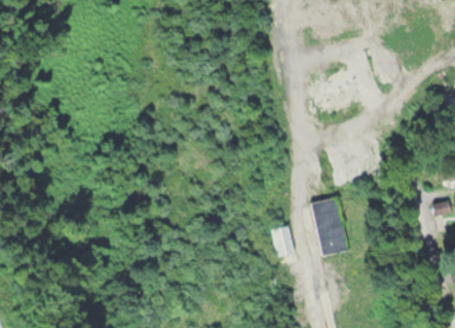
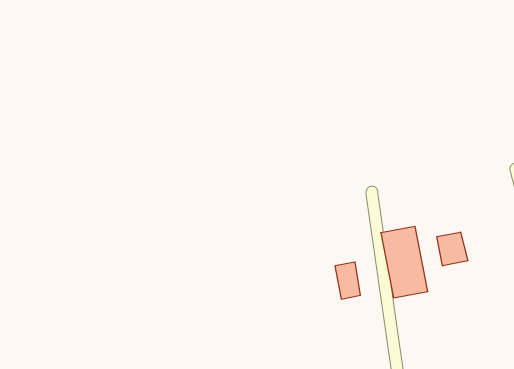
building: none -> [437,232,468,266]

